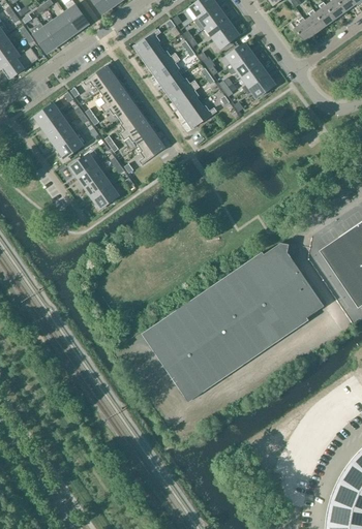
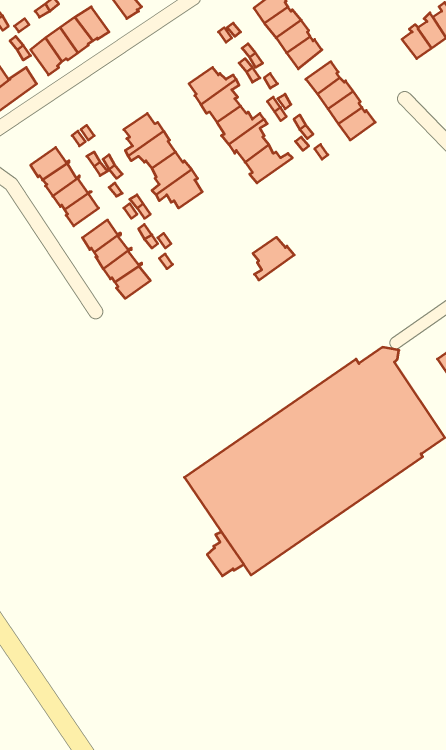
building: [133,28,161,59] -> none
building: [83,64,116,91] -> none
building: [138,134,167,164] -> [253,237,294,280]
building: none -> [207,532,244,576]

